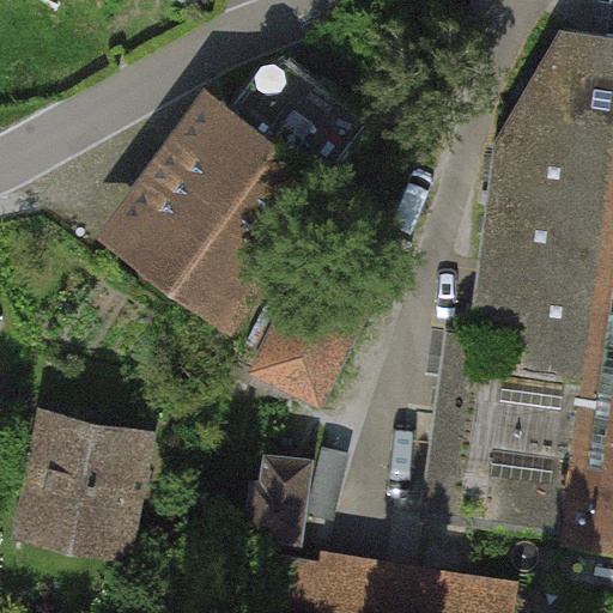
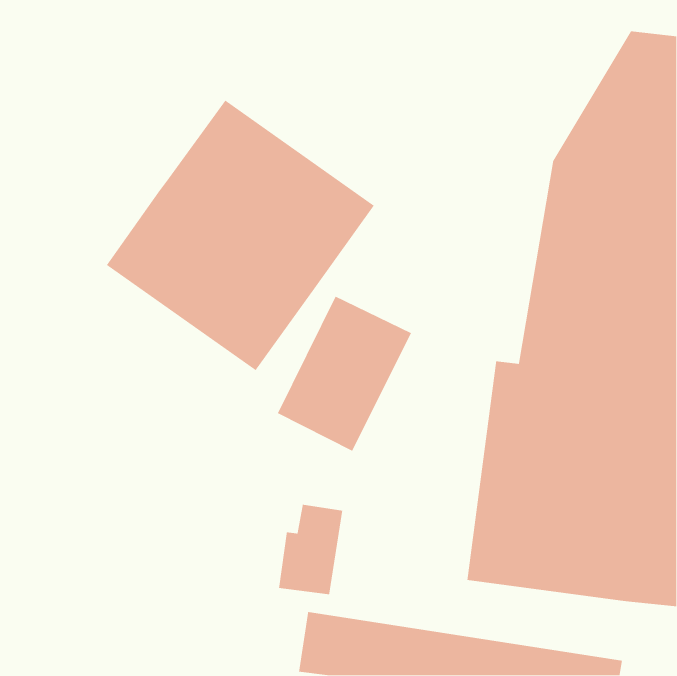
building: [14,407,156,565] -> none

